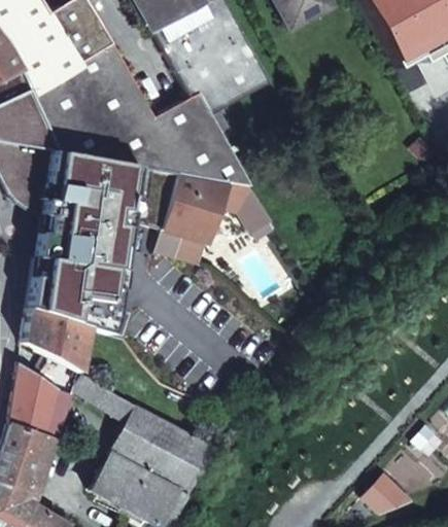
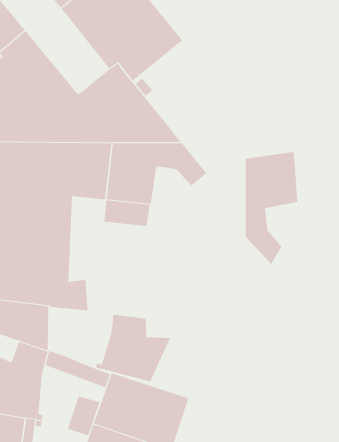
building: none -> [245,151,298,265]
building: none -> [96,314,171,382]
building: none -> [67,395,100,436]

